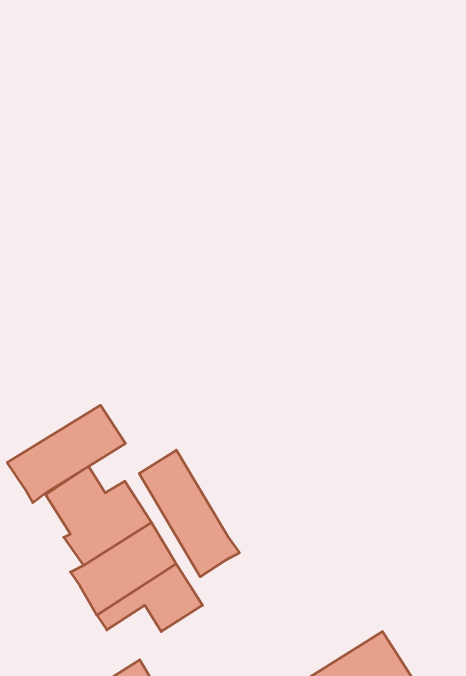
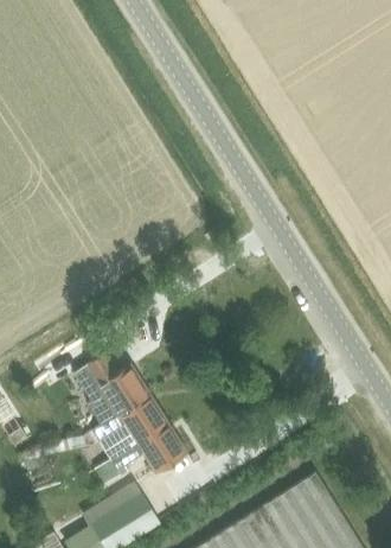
building: [7,405,125,503] -> none
building: [139,450,239,577] -> none

